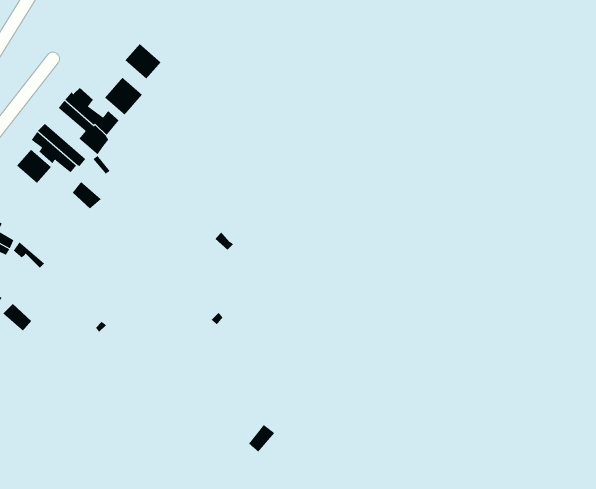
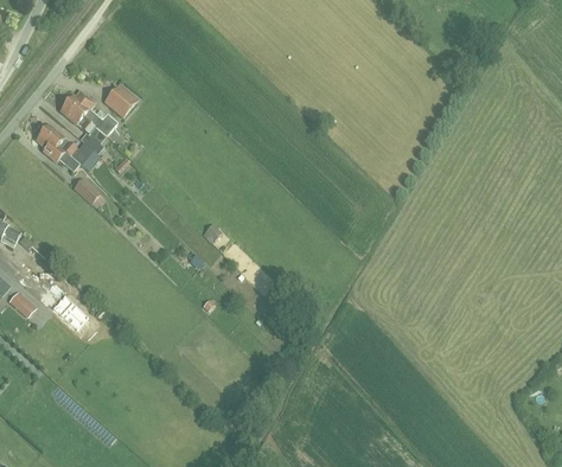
building: [125,43,162,80] -> none
building: [16,149,52,184] -> none

